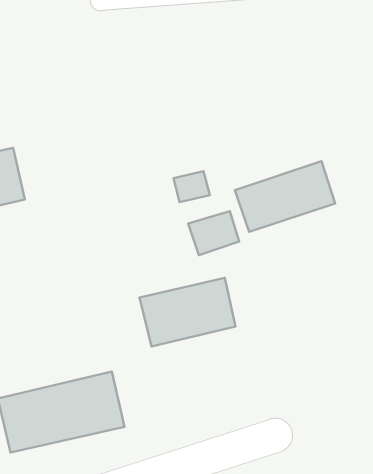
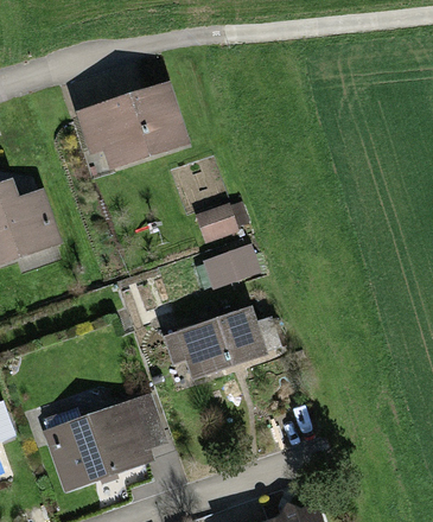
building: none -> [78,84,185,165]
building: [235,161,335,232] -> none

